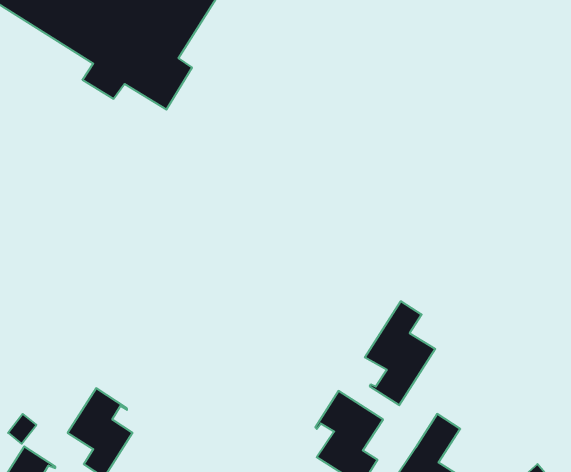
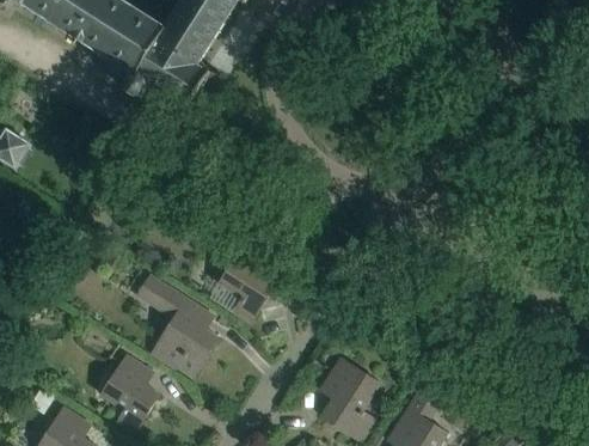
building: none -> [217,243,276,322]
building: none -> [135,274,219,375]
building: [365,301,435,405] -> none

